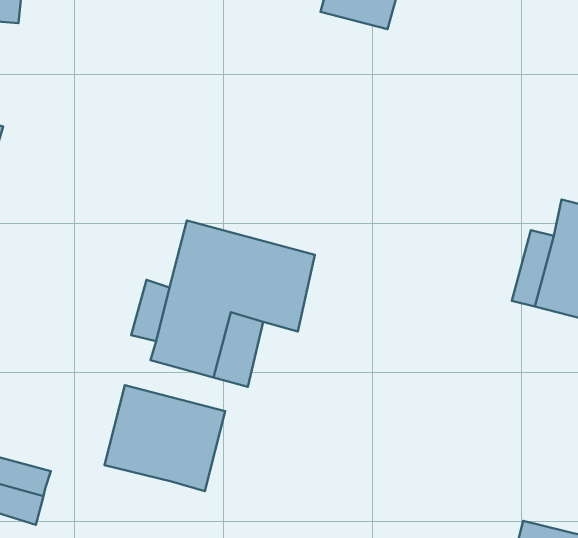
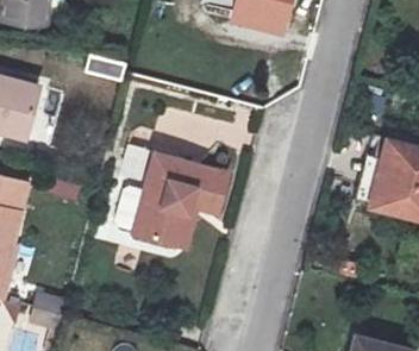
building: [104,385,225,491] -> none

